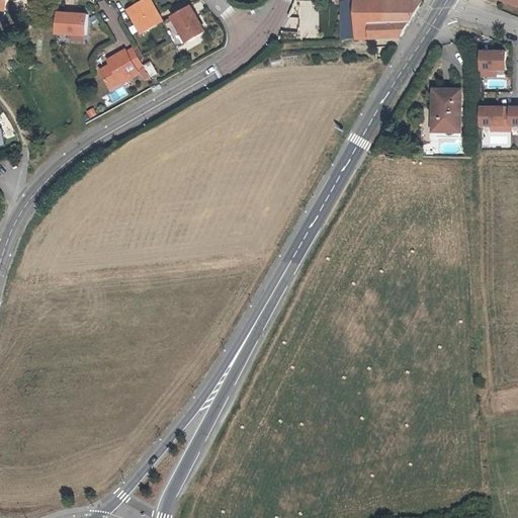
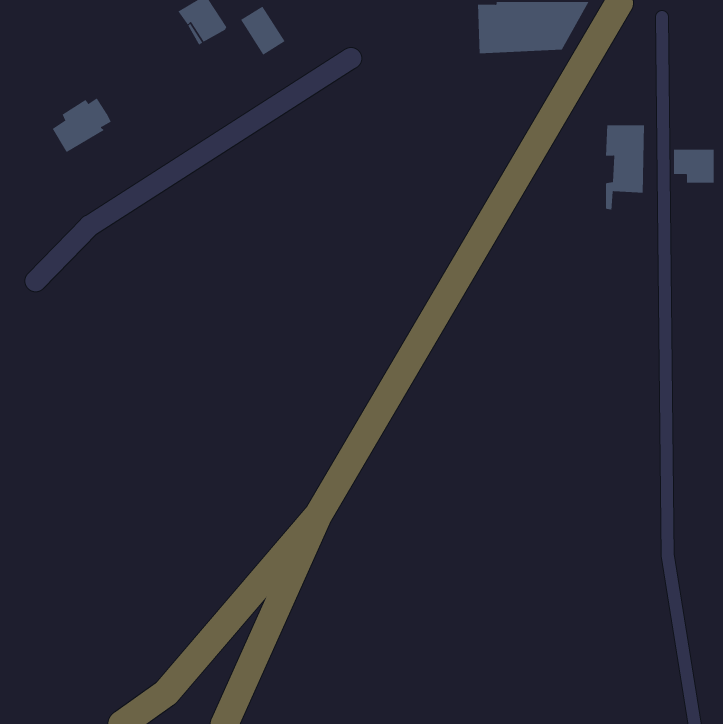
building: [55,12,85,34] -> none
building: [99,48,142,87] -> [52,98,112,153]
building: [480,52,504,76] -> none

